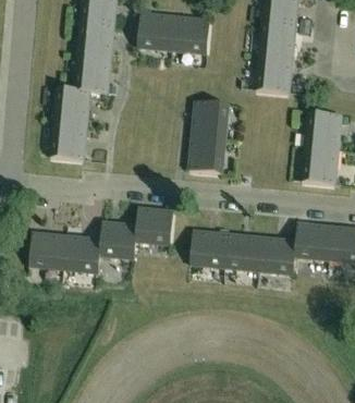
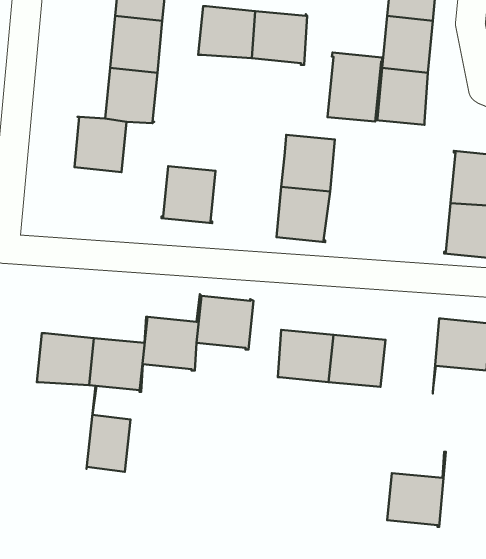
building: none -> [327,53,383,122]
building: [51,122,87,160] -> [162,166,215,223]
building: [260,223,299,273] -> [387,452,446,527]
building: none -> [86,386,131,472]

